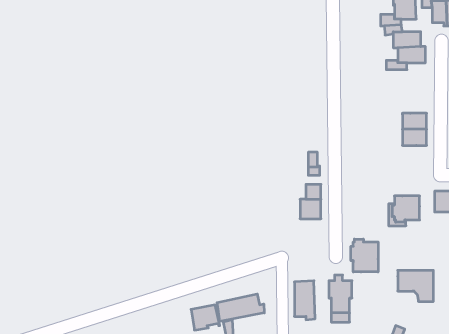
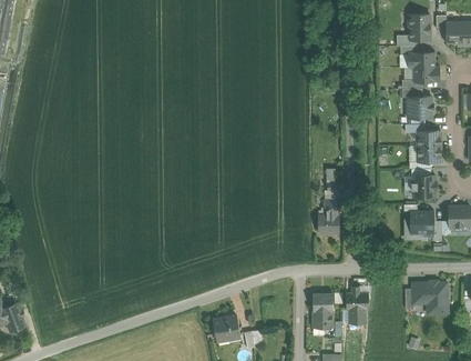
building: none -> [408,96,433,117]
building: none -> [412,174,437,197]
building: [351,239,378,272] -> none
building: [217,294,264,321] -> none

